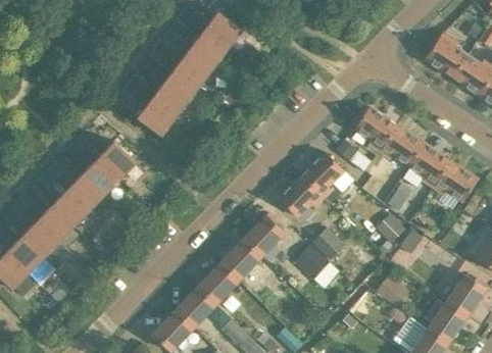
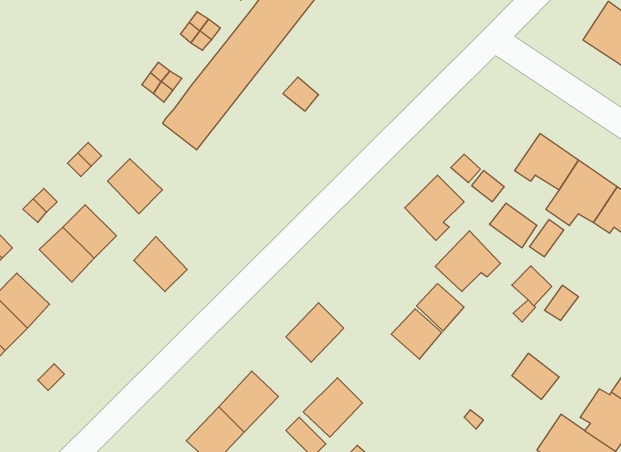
building: [354,106,395,149] -> none
building: [83,156,119,194] -> [134,237,187,292]
building: [279,174,324,216] -> [435,231,501,292]
building: [36,203,73,241] -> none
building: [243,213,284,257] -> none
building: [197,263,238,304] -> [303,378,363,437]

